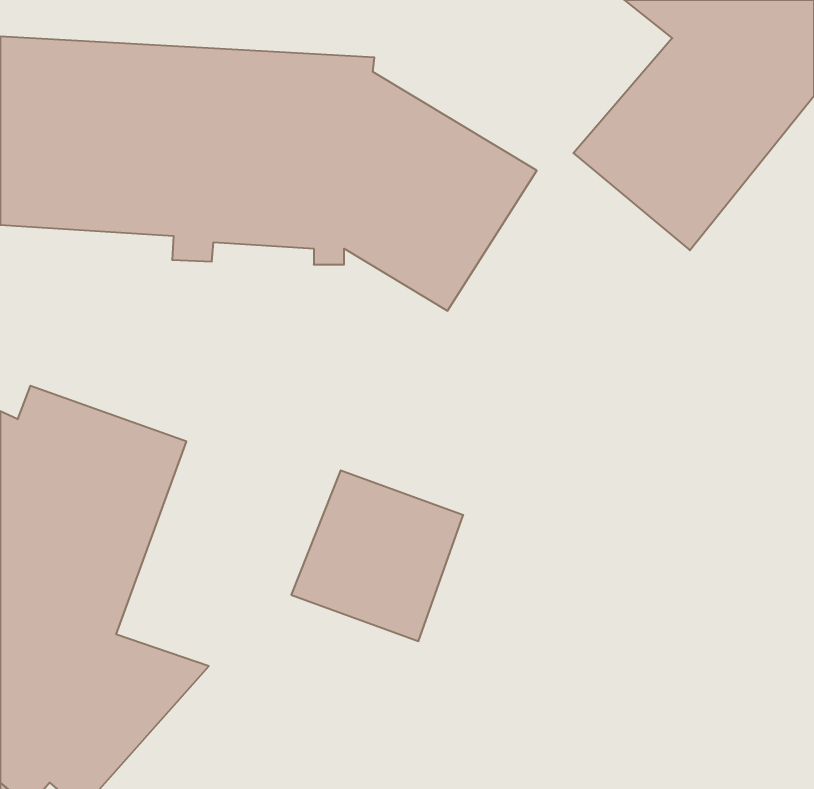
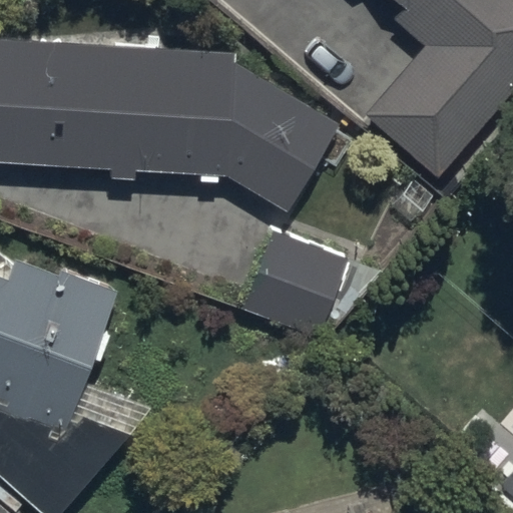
building: [291,470,463,641] -> [237,229,346,337]

